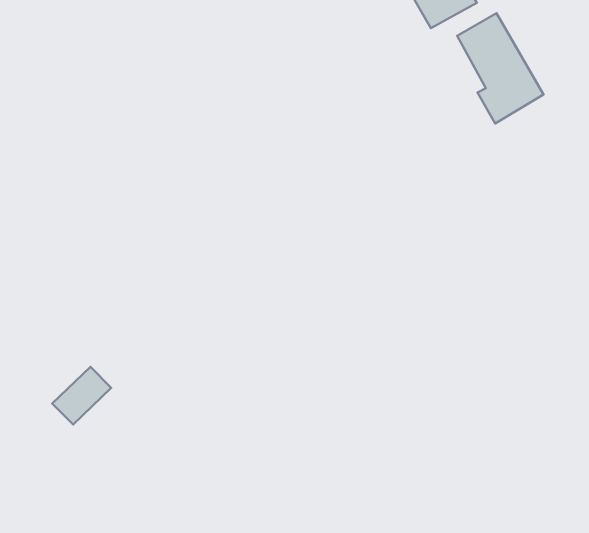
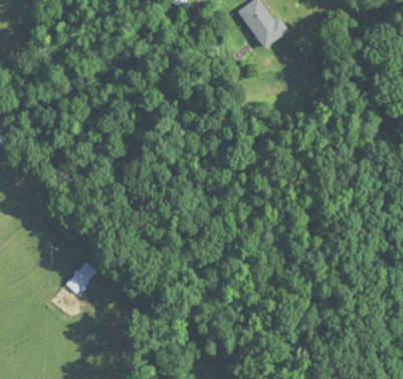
building: [457,13,544,124] -> none

